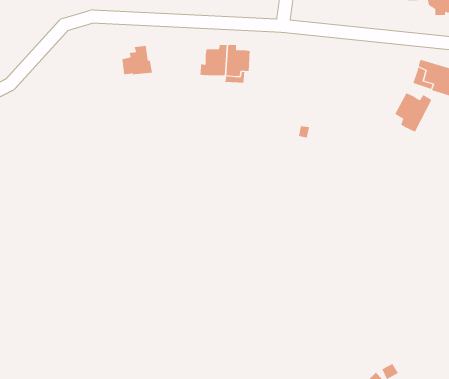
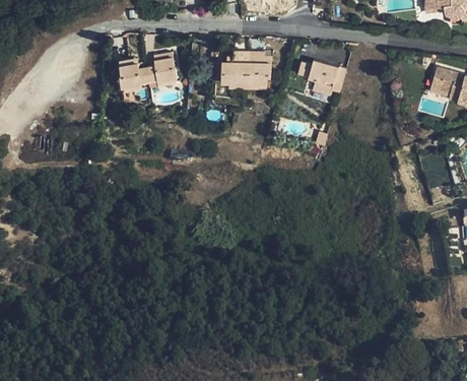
building: none -> [117,58,147,87]
building: none -> [298,61,346,93]
building: [394,93,432,133] -> none

